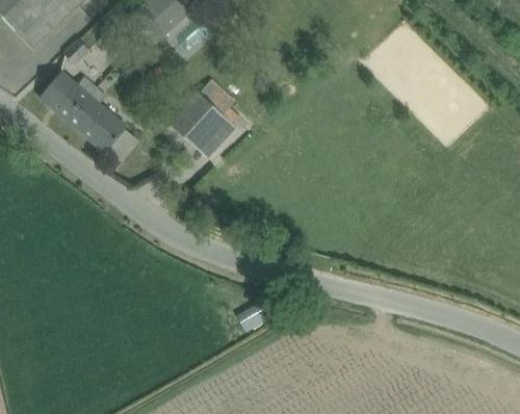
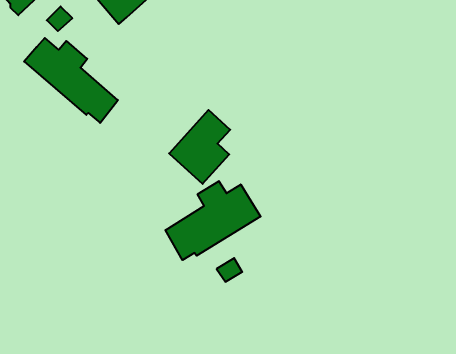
building: [171,78,235,156] -> [169,110,230,184]
building: none -> [165,181,261,260]

